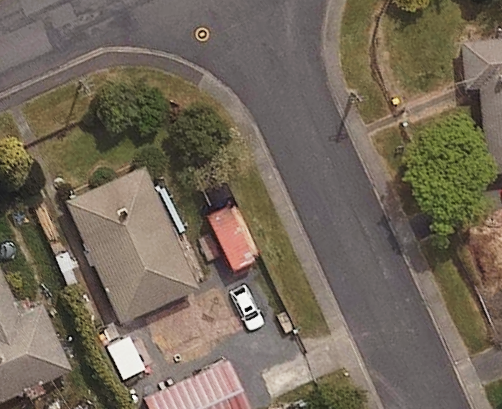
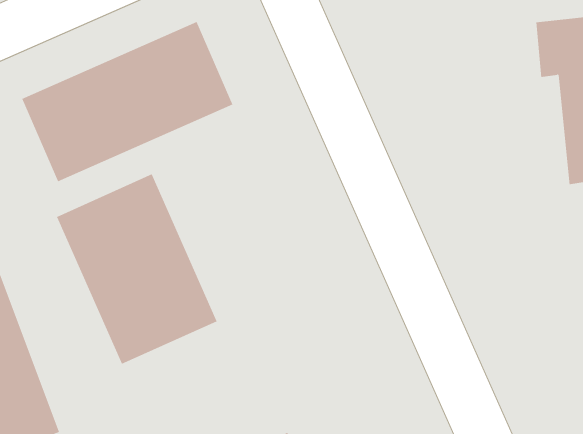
building: none -> [22,21,233,182]

